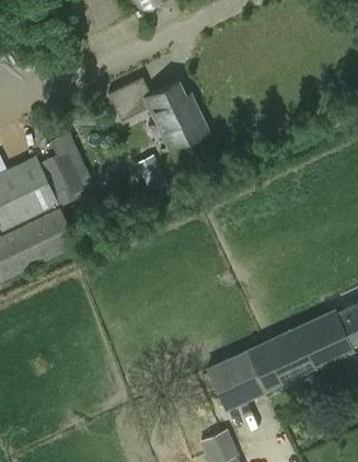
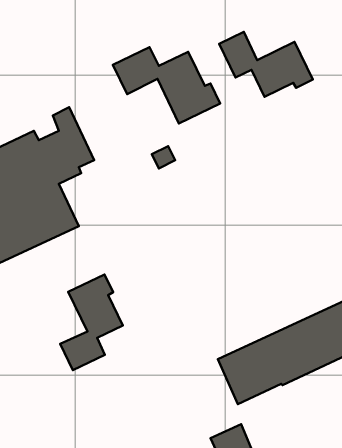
building: none -> [219,32,313,97]
building: none -> [60,275,123,370]

